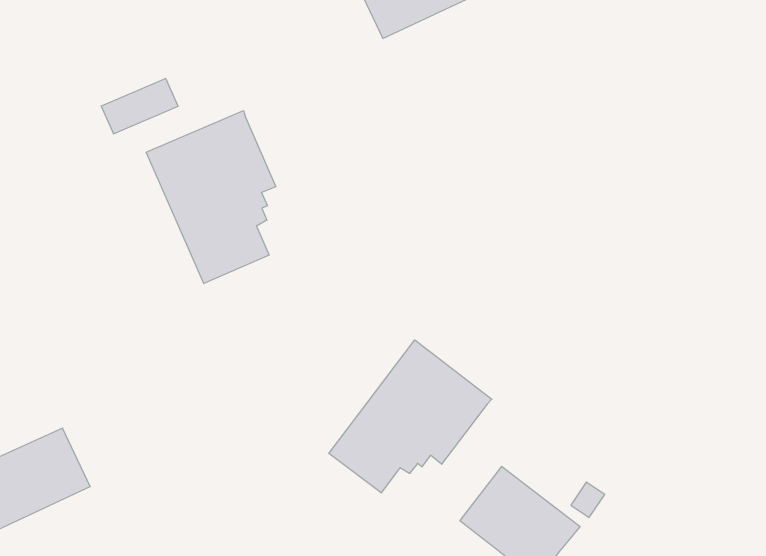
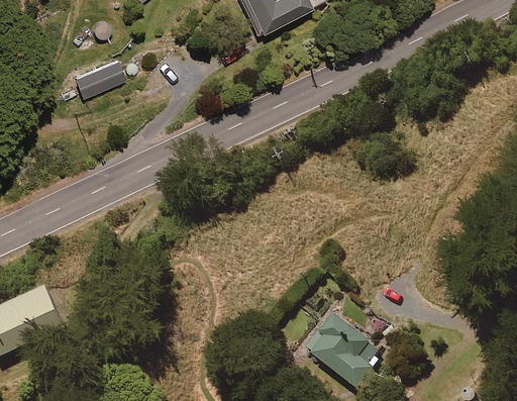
building: [146,111,276,284] -> none
building: [329,340,492,493] -> none

